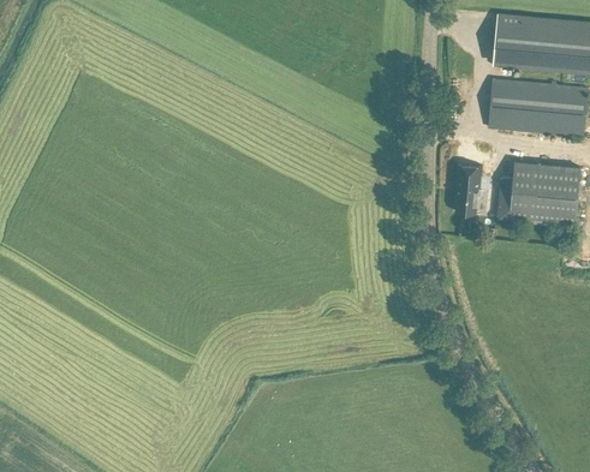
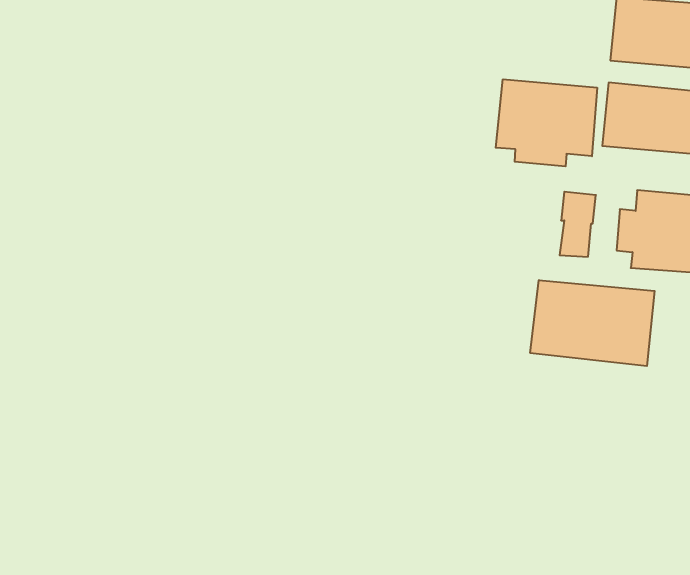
building: none -> [496,79,597,166]
building: none -> [530,280,655,366]

